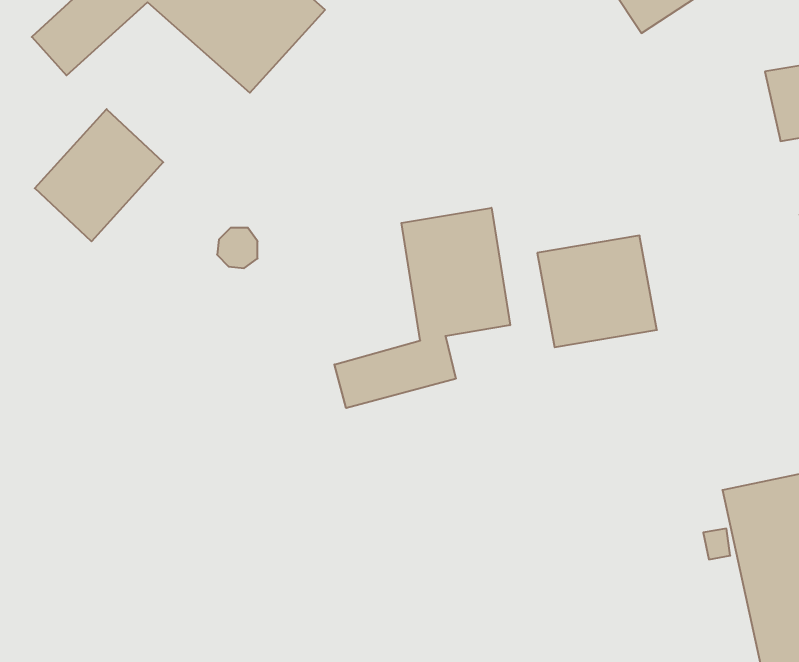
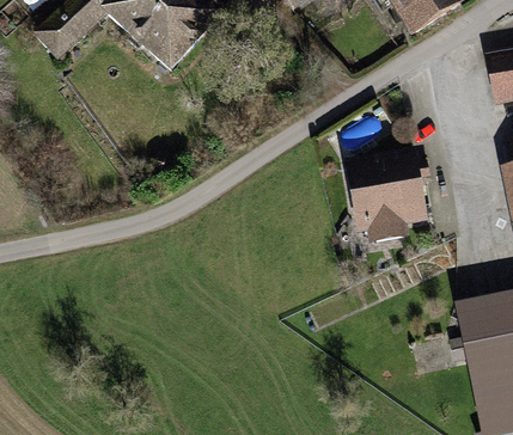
building: [35,109,163,241] -> none
building: [334,208,510,408] -> none

